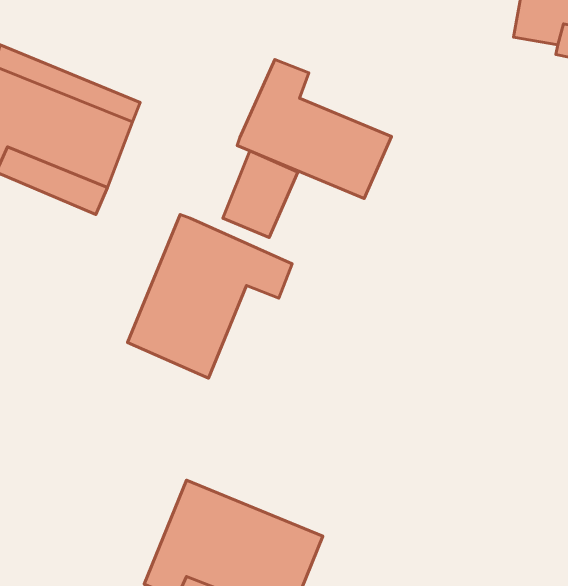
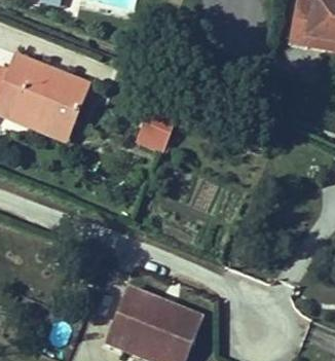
building: [237,59,391,199] -> none
building: [127,214,292,378] -> none

